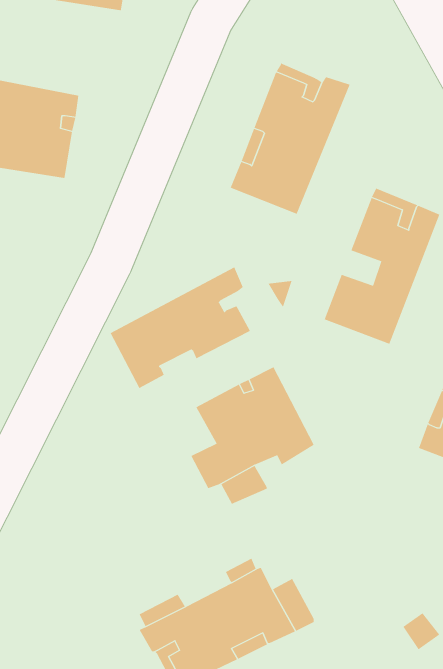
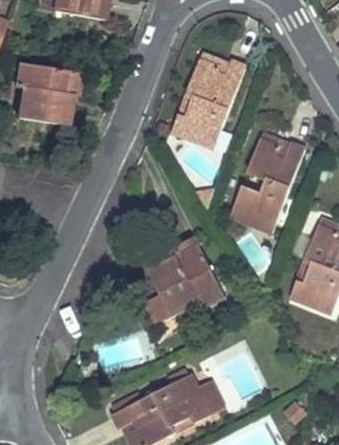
building: [110,266,250,389] -> none

